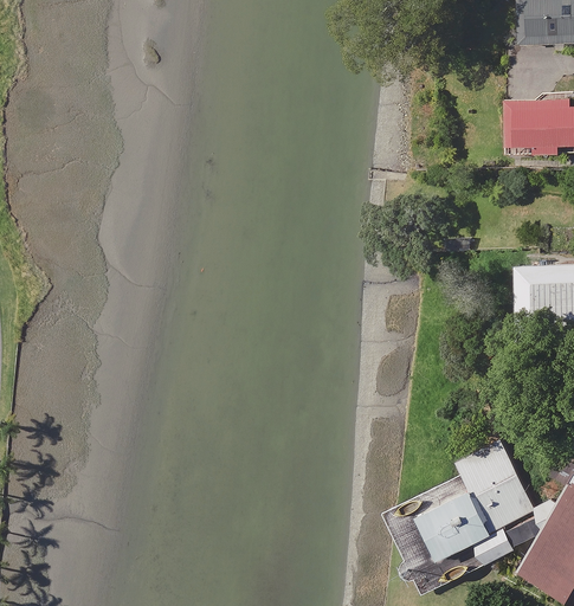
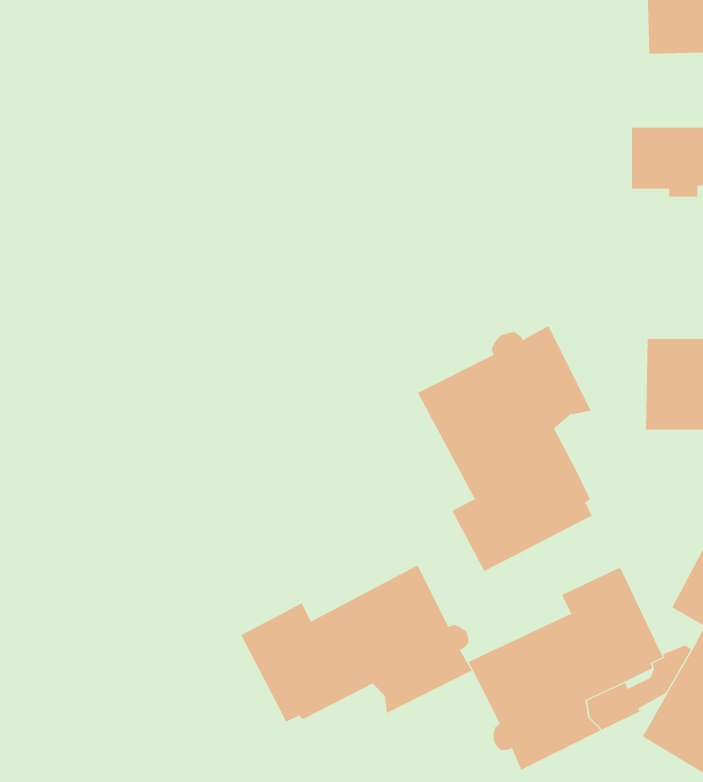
building: none -> [417,325,593,572]
building: none -> [240,565,473,723]

